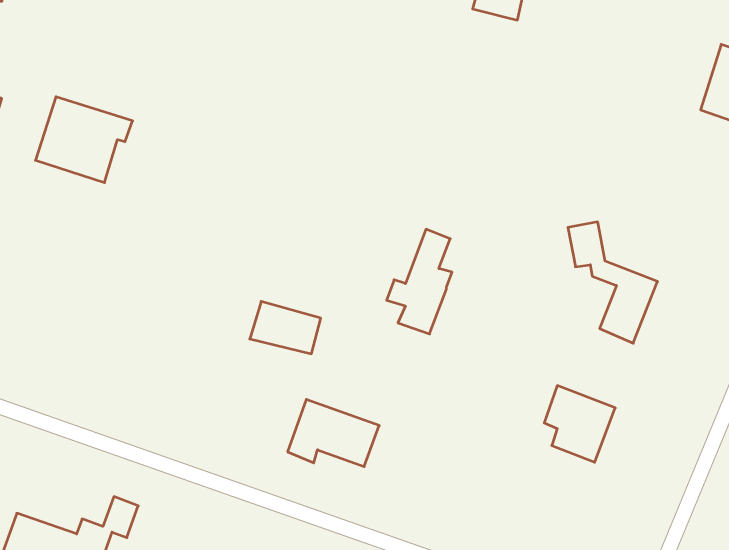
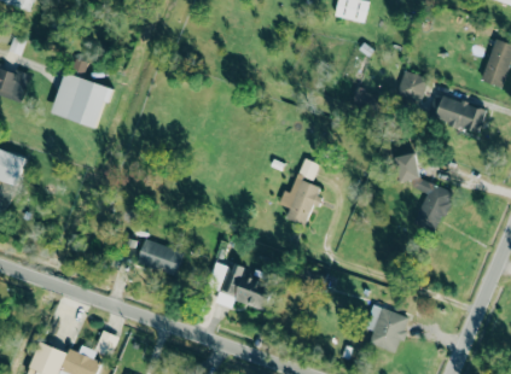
building: none -> [395,70,428,104]
building: none -> [434,95,486,134]
building: [250,301,321,354] -> [137,240,182,274]
building: [544,386,615,462] -> [364,304,410,353]

